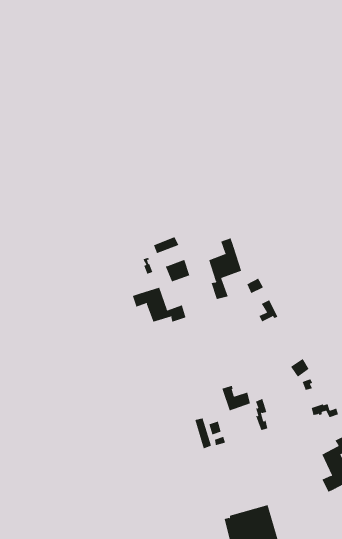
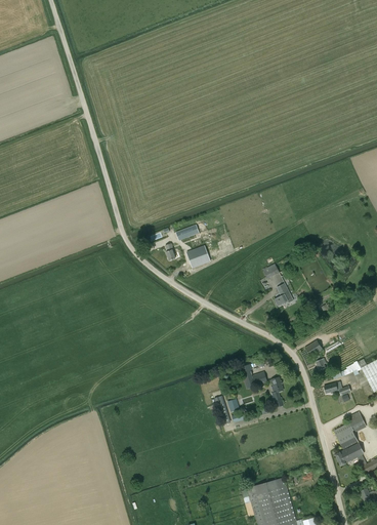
building: [209,238,242,300] -> none
building: [132,287,186,323] -> none

